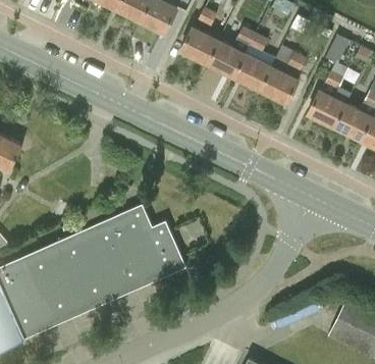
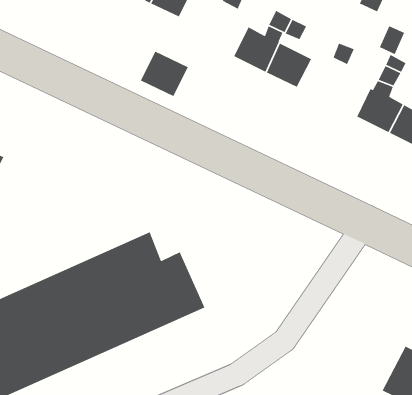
building: [180,25,220,63] -> [140,51,189,97]
building: [260,65,299,102] -> none

